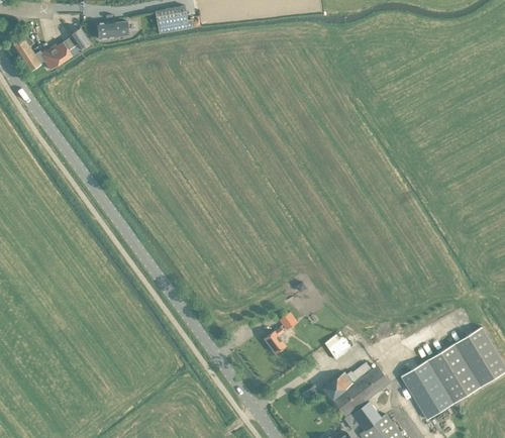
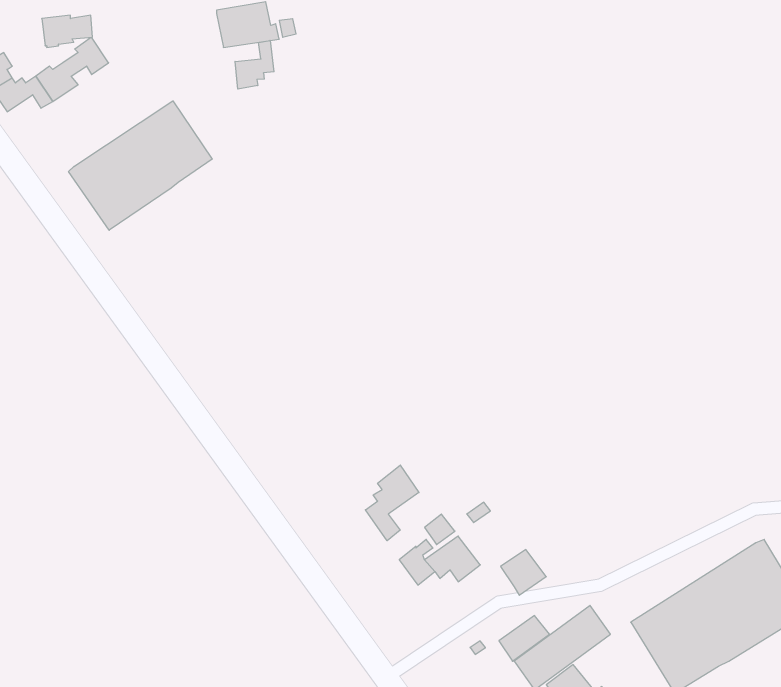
building: [97,21,127,40] -> [42,15,92,47]
building: none -> [235,40,274,89]
building: none -> [69,101,212,230]
building: none -> [365,465,419,541]

